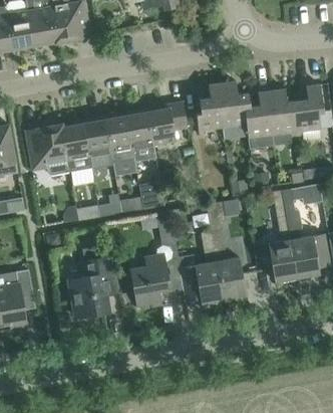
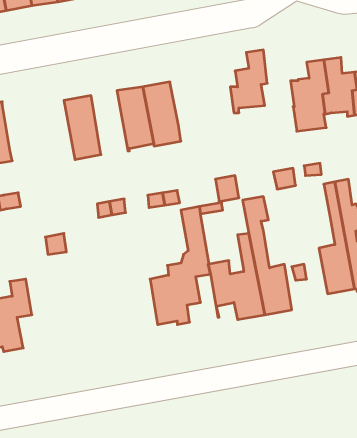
building: [221,80,251,129] -> none
building: [146,101,188,144] -> none
building: [82,116,112,169] -> none
building: [26,124,69,175] -> none
building: [69,245,119,318] -> none

